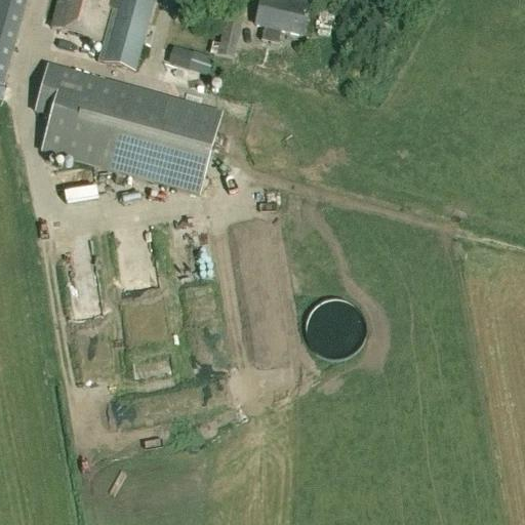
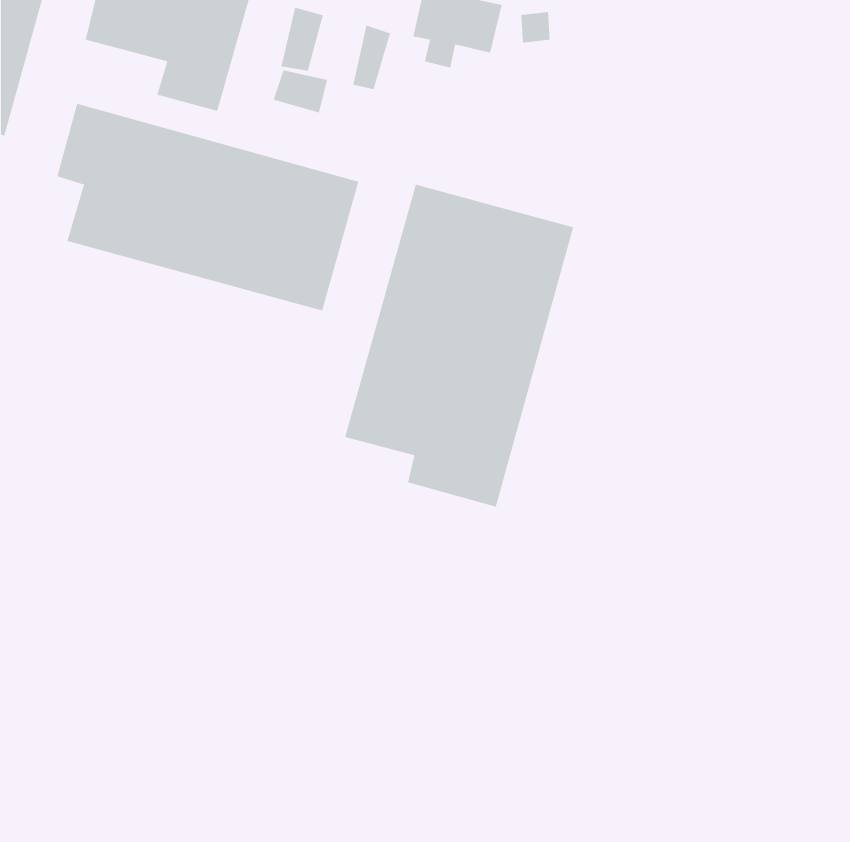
building: none -> [281,7,324,71]
building: none -> [344,184,574,508]

